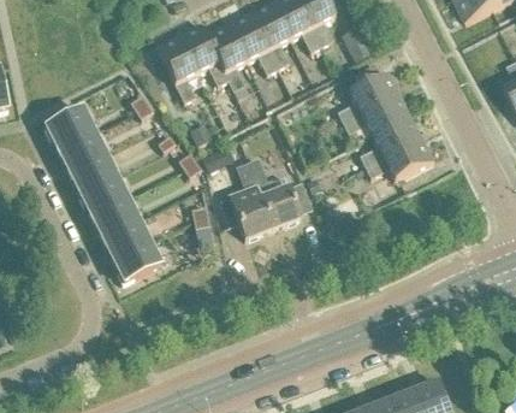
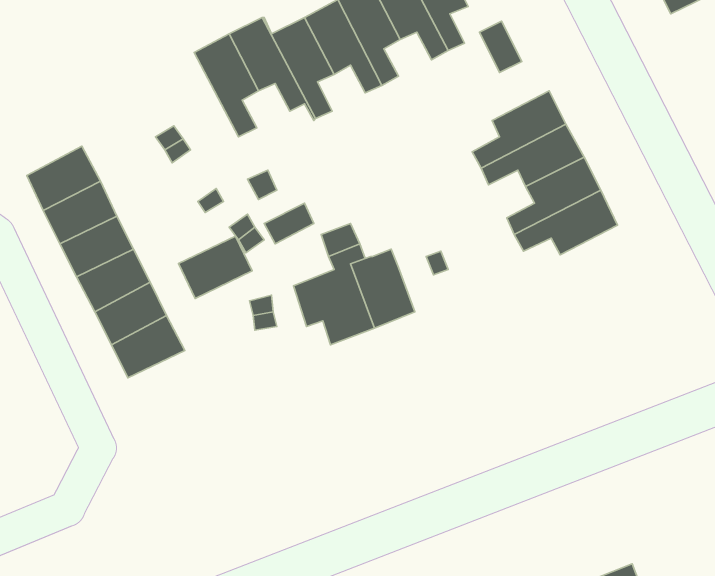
building: [112,241,160,282] -> [178,236,252,299]

